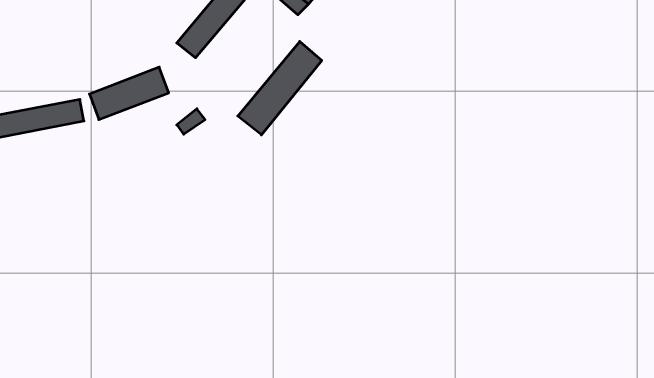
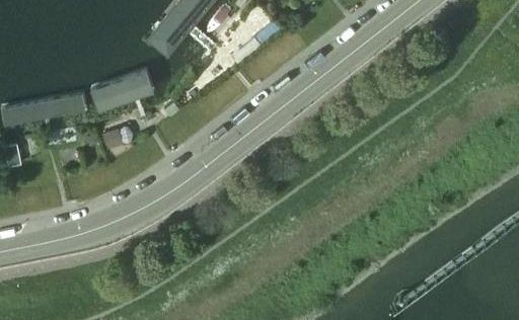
building: [238,41,322,135] -> none

